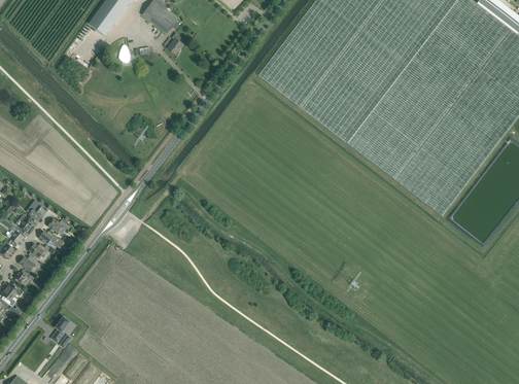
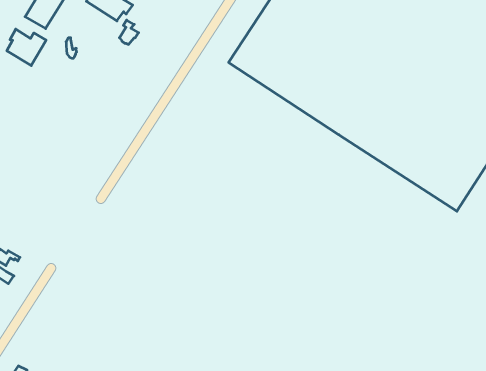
building: none -> [7,29,46,66]

